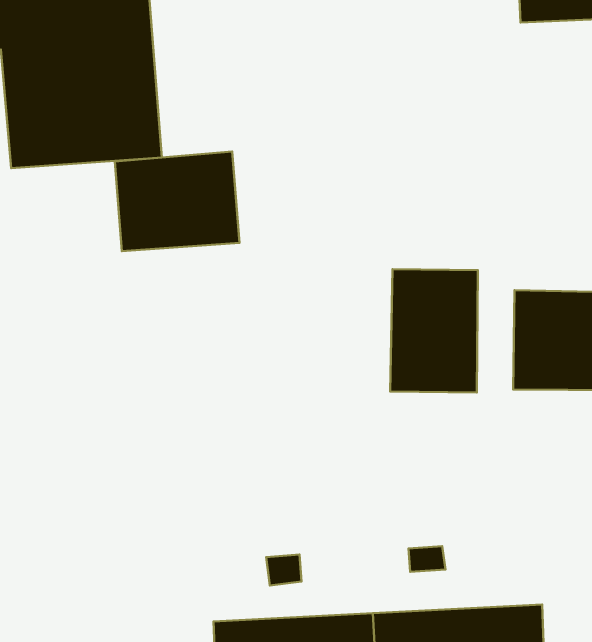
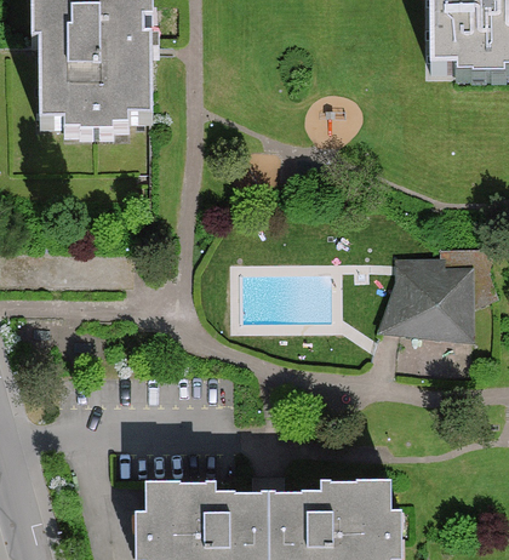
building: [115,151,239,251] -> none
building: [390,269,478,393] -> none

